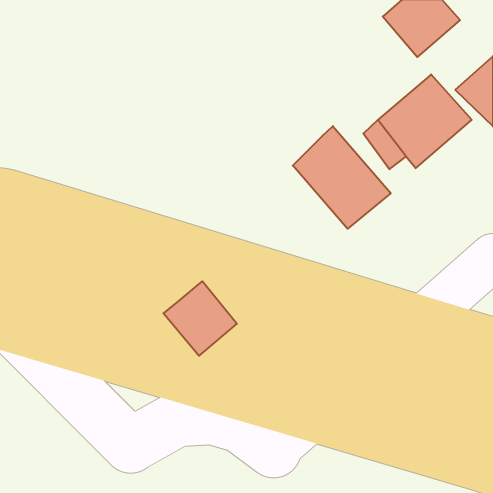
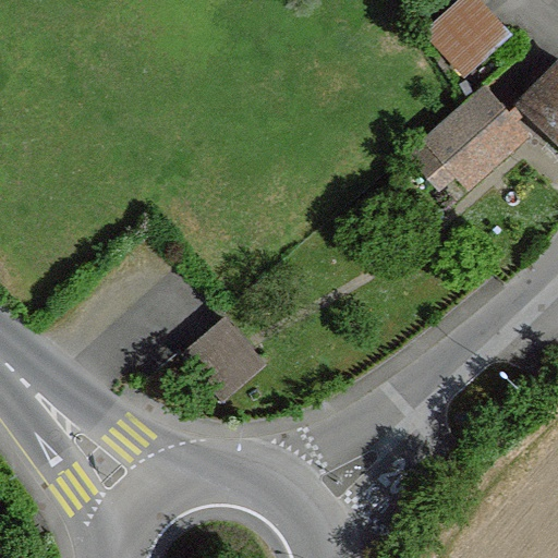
building: [293,126,391,229] -> none

